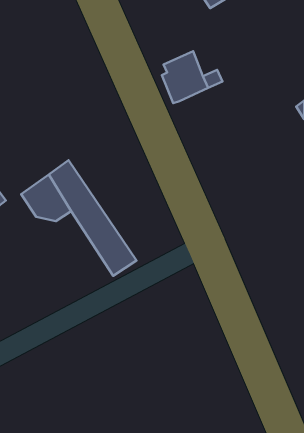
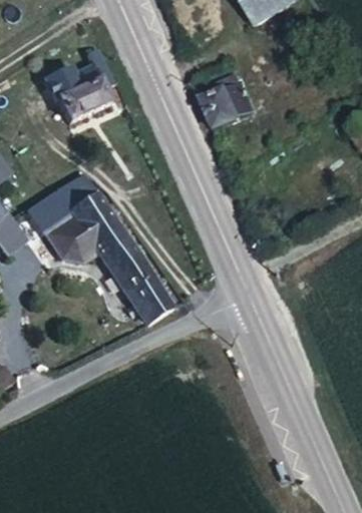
building: none -> [51,65,113,122]
building: none -> [27,175,96,234]

